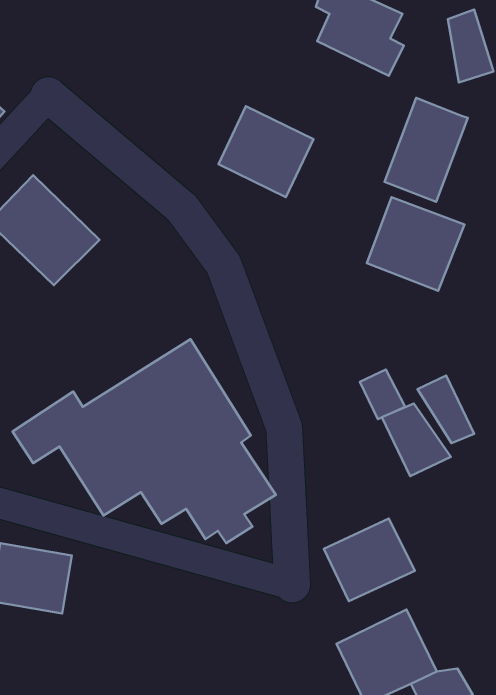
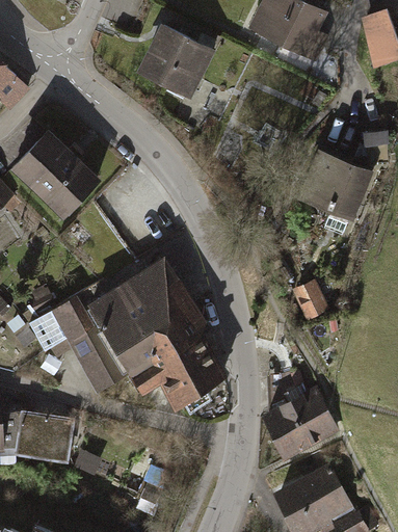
building: [385,98,468,202] -> none
building: [218,106,313,197] -> [137,27,209,96]
building: [417,375,474,443] -> none
building: [382,403,451,476] -> none

